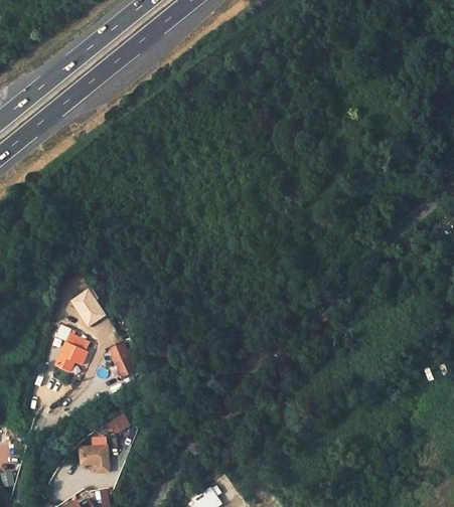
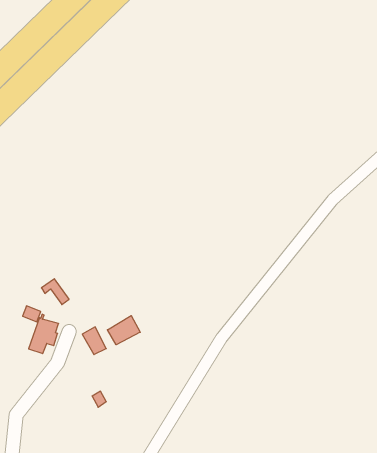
building: none -> [107,316,140,345]
building: [81,440,108,471] -> none

